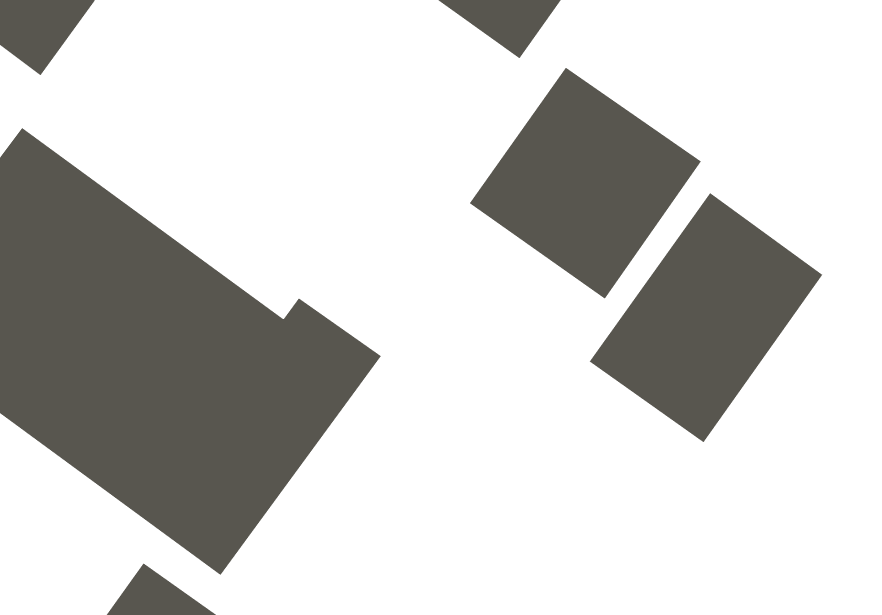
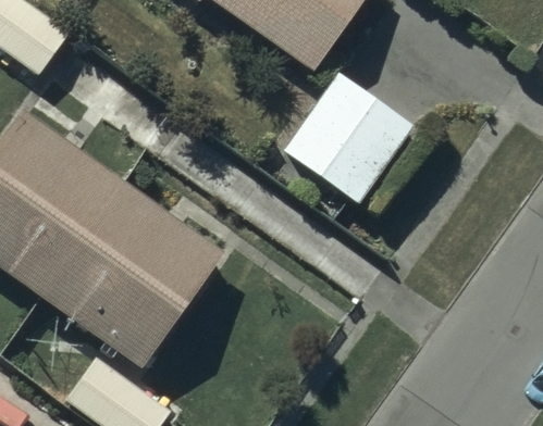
building: [589,192,823,443] -> none

